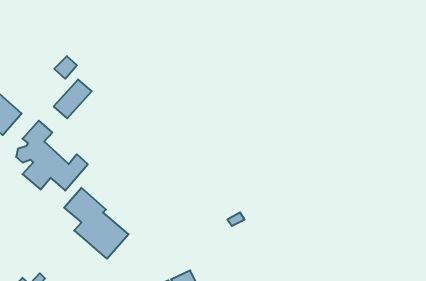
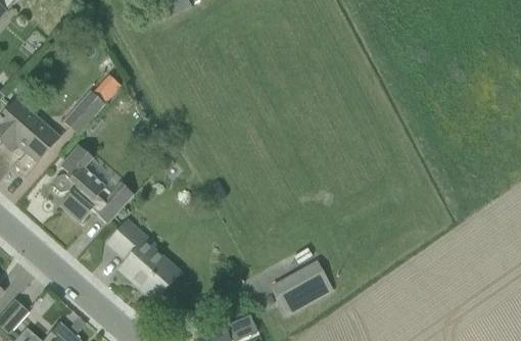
building: [54,79,92,118] -> [62,91,105,135]
building: none -> [272,259,335,316]

